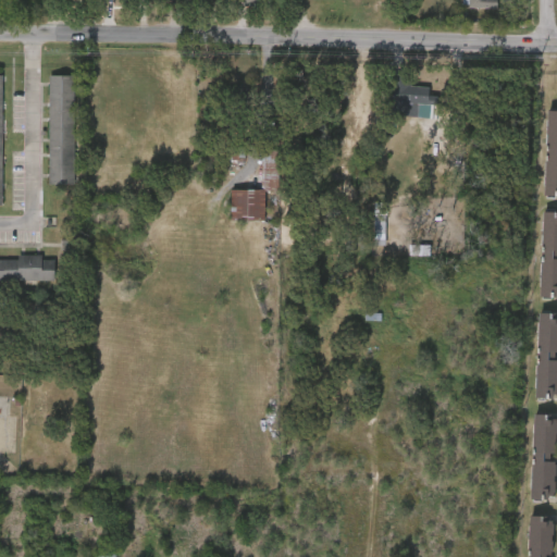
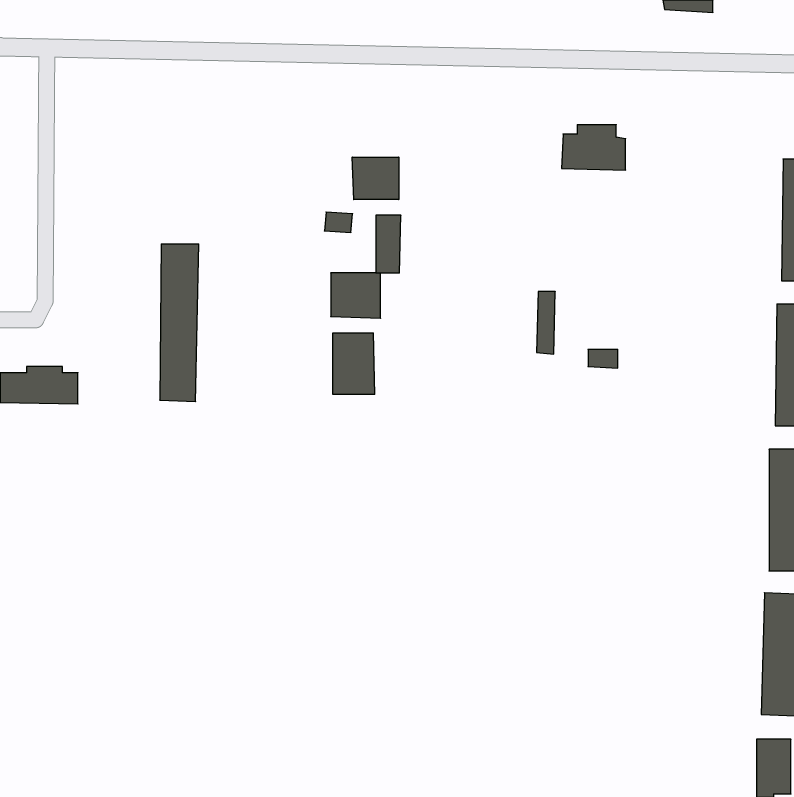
building: [51,76,78,186] -> [160,244,199,402]
building: none -> [352,157,399,200]
building: none -> [333,333,375,394]

